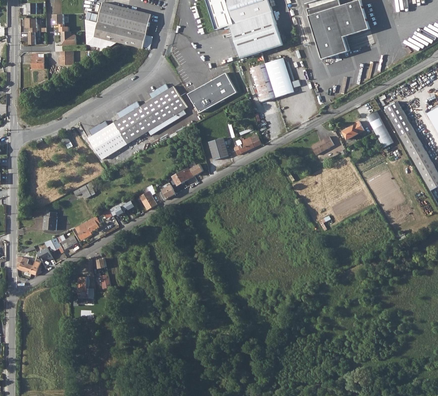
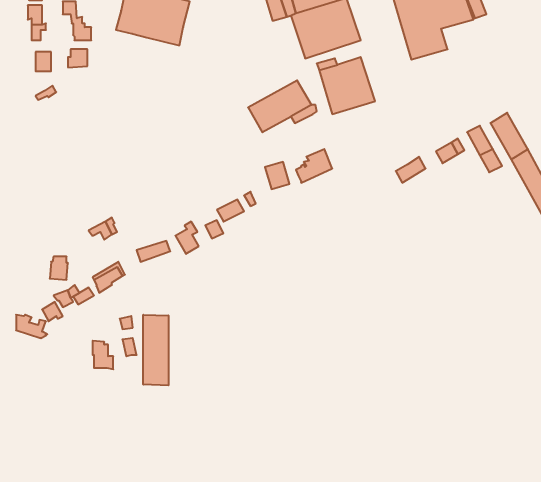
building: [89,83,187,159] -> none
building: none -> [143,315,168,385]

